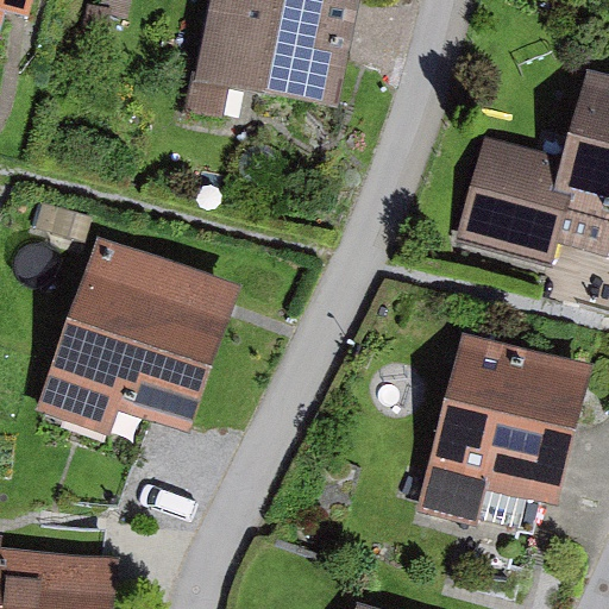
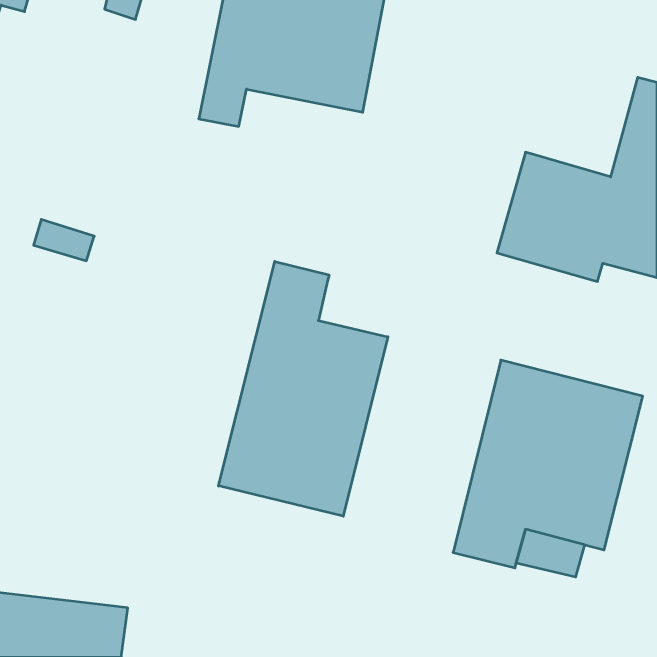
building: none -> [218,261,388,516]
building: [40,241,234,429] -> none

